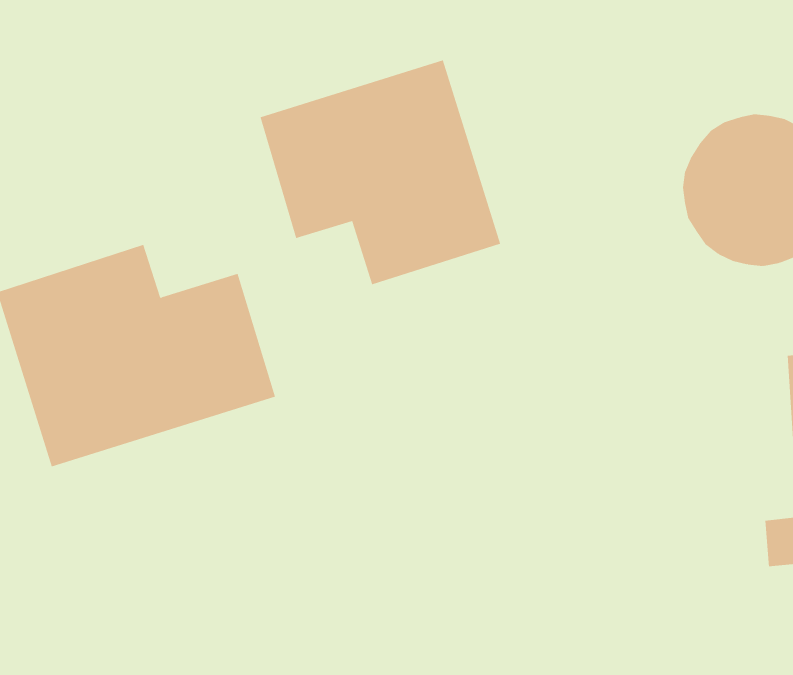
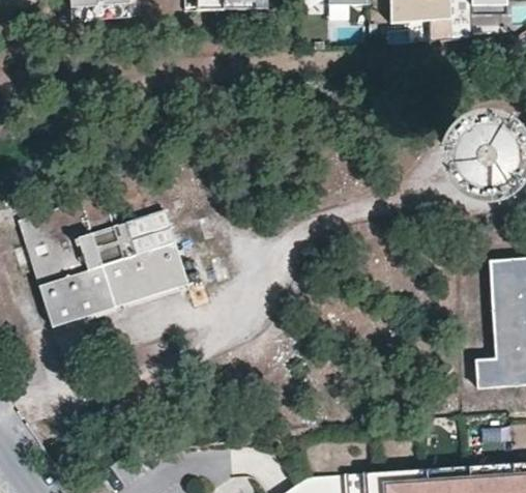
building: [260,60,501,285] -> none

